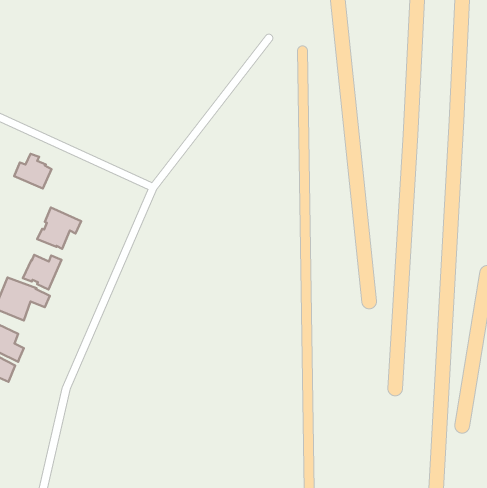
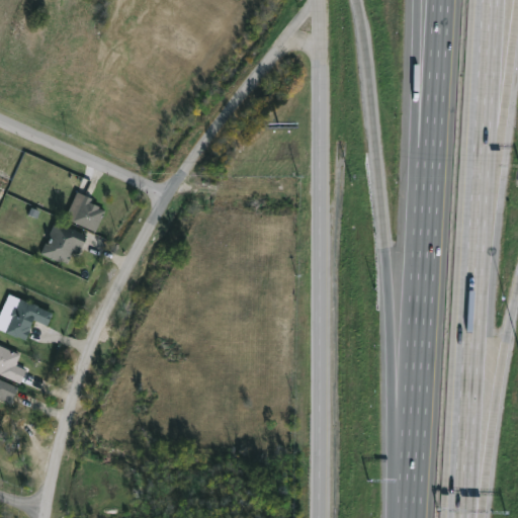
building: [14,154,51,188] -> [65,195,104,232]
building: [23,255,61,290] -> none

